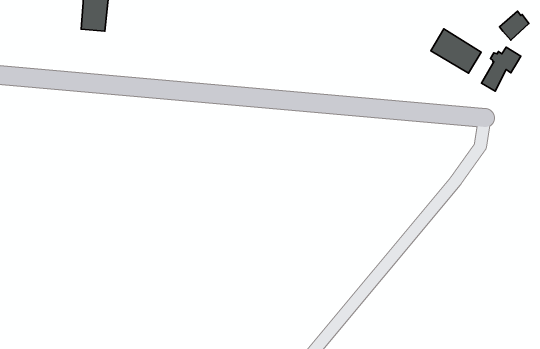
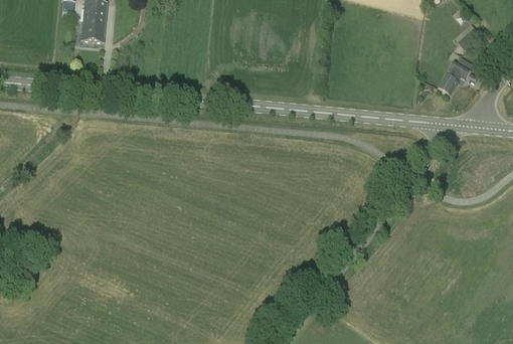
building: [431,29,481,73] -> none

